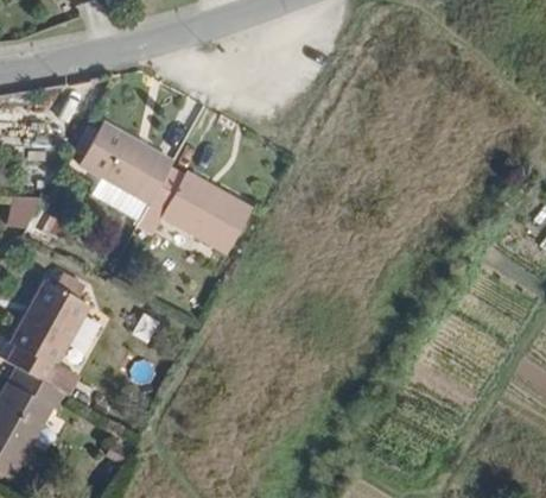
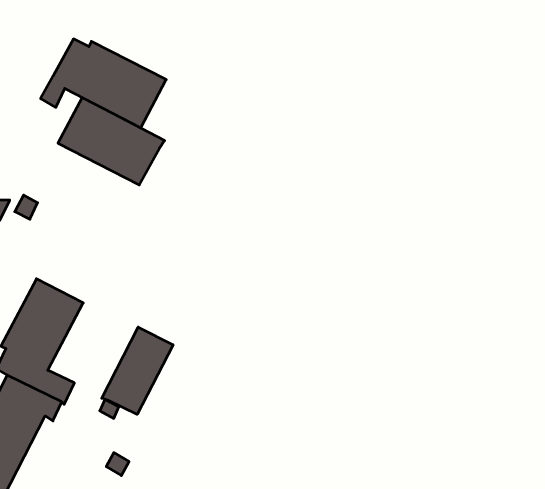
building: [127,158,245,241] -> [41,39,166,128]
building: none -> [102,327,173,414]

